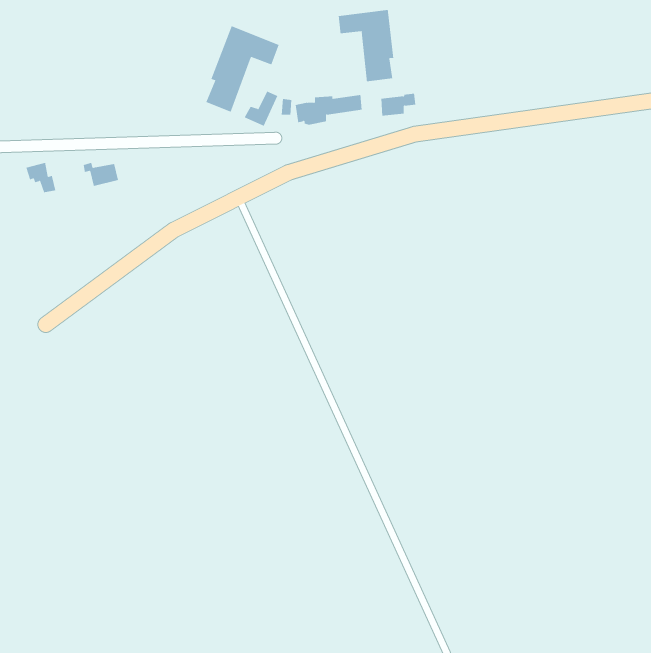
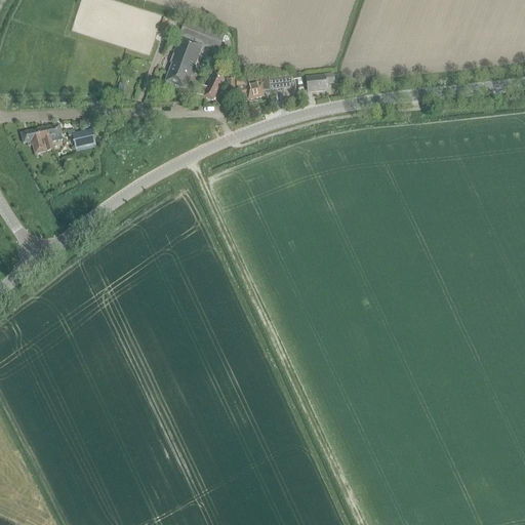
building: [338,9,394,82] -> none
building: none -> [38,125,63,152]

